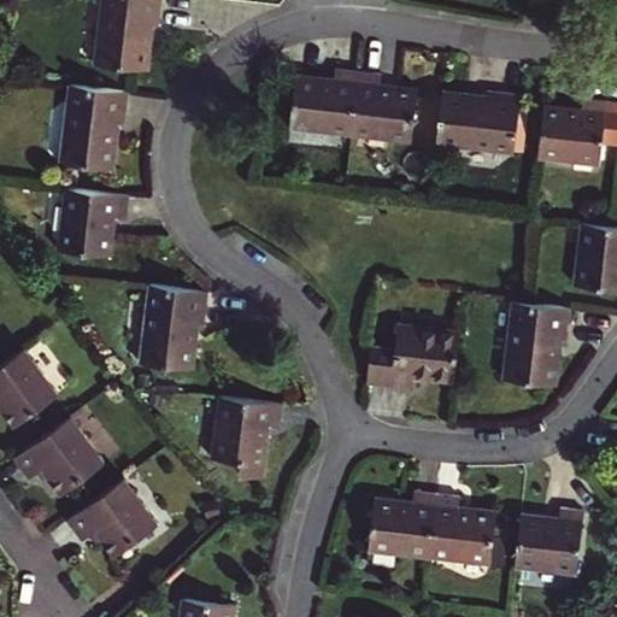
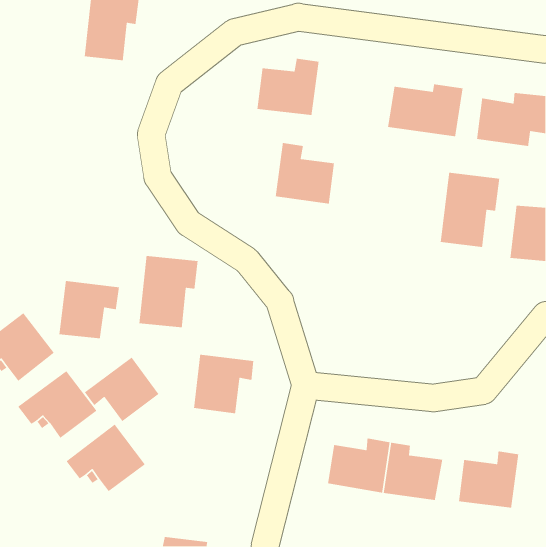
building: [351,69,418,139] -> [275,142,335,205]
building: [58,87,124,169] -> none
building: [57,192,125,258] -> [59,280,120,339]
building: [498,307,565,393] -> [440,172,500,248]
building: [370,323,454,388] -> none
building: none -> [84,357,160,422]

